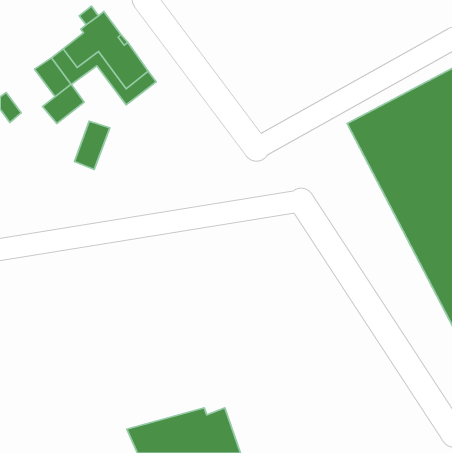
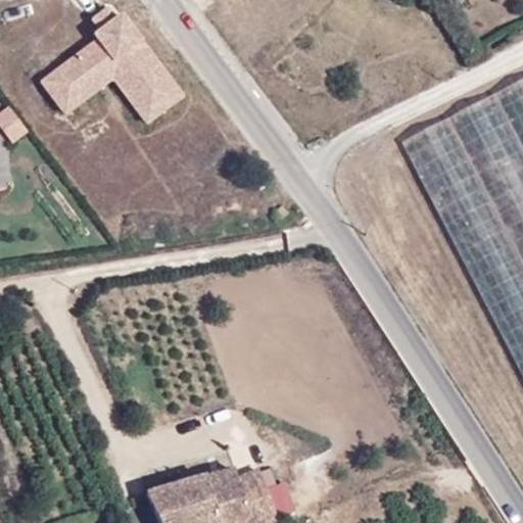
building: [43,84,84,123] -> none
building: [74,121,110,170] -> none

